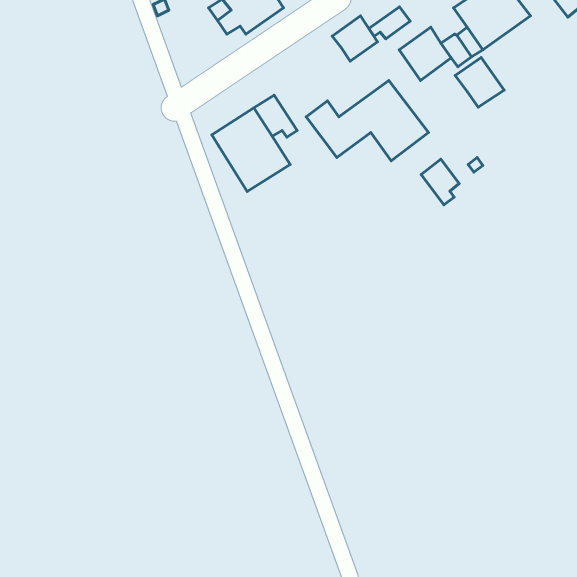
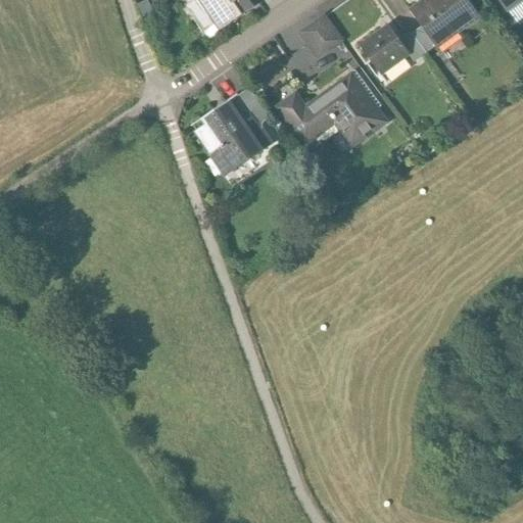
building: [369,7,410,39] -> none
building: [455,57,504,107] -> none
building: [421,159,459,205] -> none

